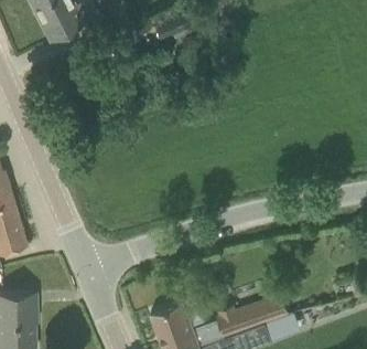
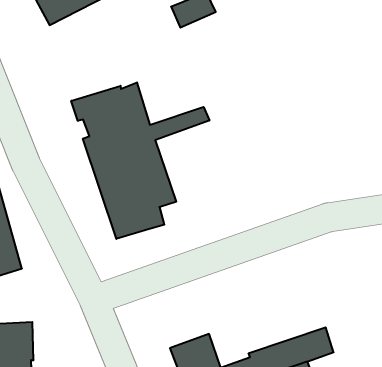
building: none -> [71,82,209,239]

